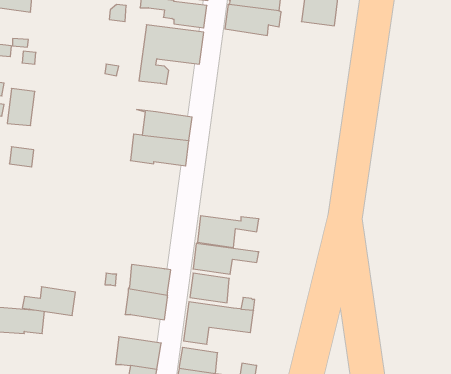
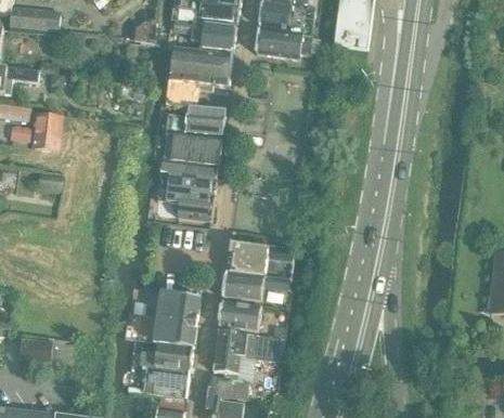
building: none -> [165,107,225,138]
building: none -> [156,186,214,221]
building: [22,287,75,315] -> [139,343,193,373]

